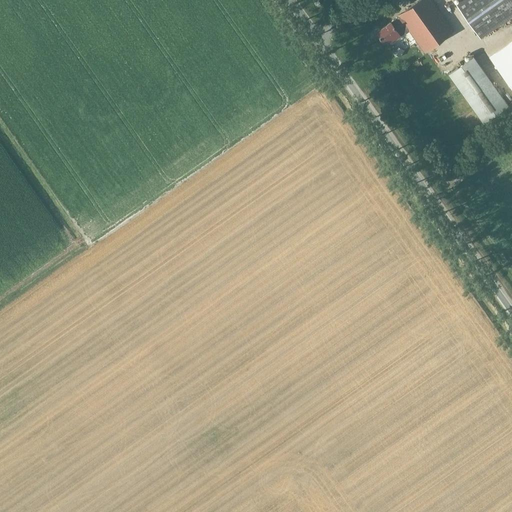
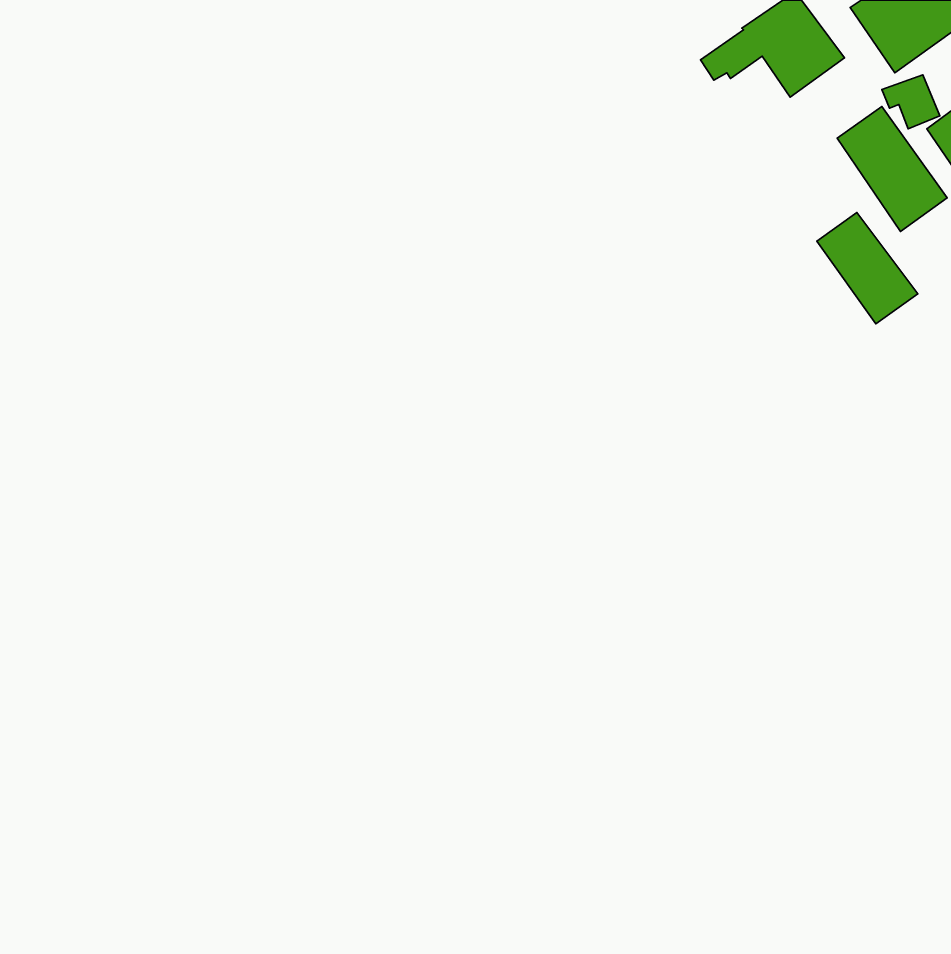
building: none -> [817,212,918,324]

